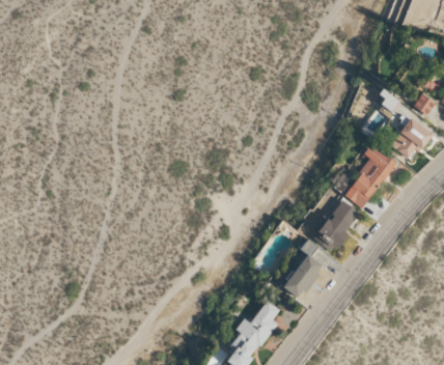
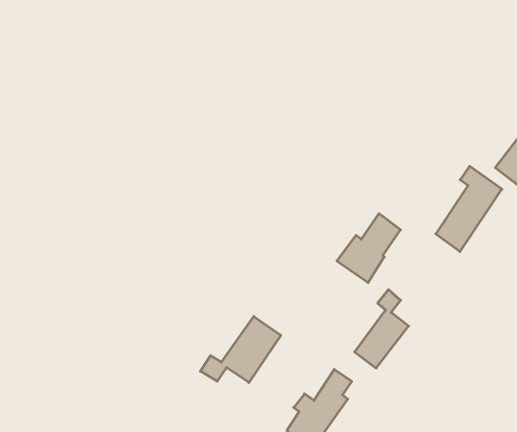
building: [310,199,359,252] -> [337,214,401,283]
building: none -> [200,316,281,383]

